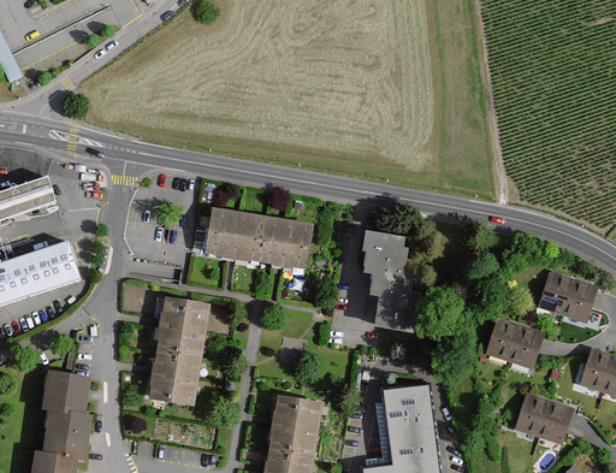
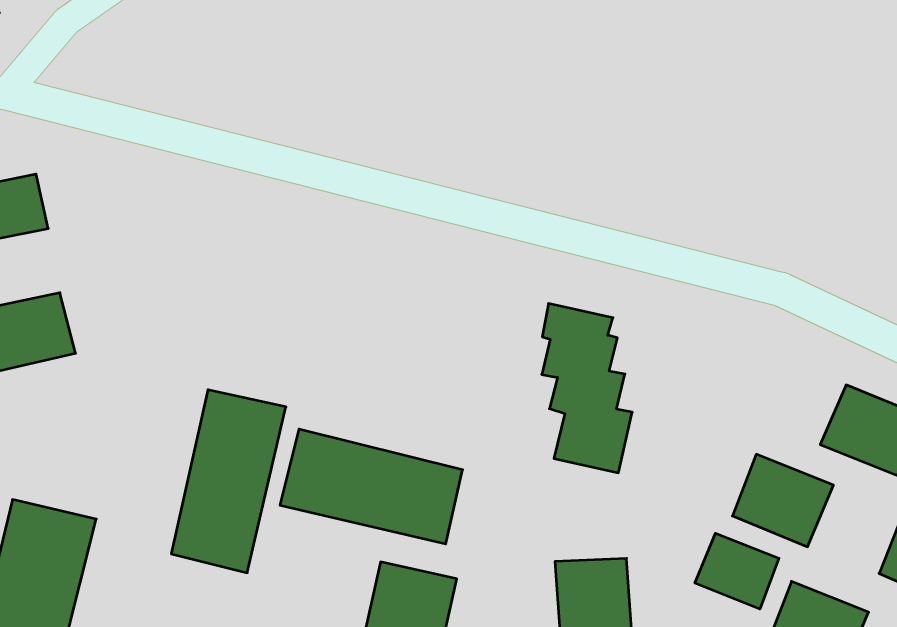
building: [202,206,312,270] -> [280,429,463,544]
building: none -> [695,533,779,609]

